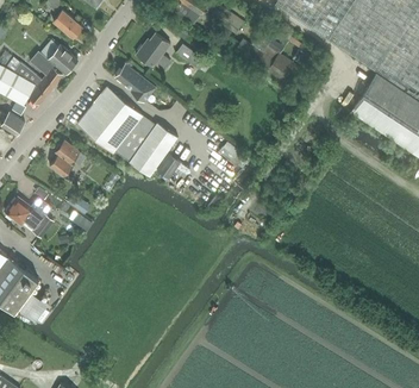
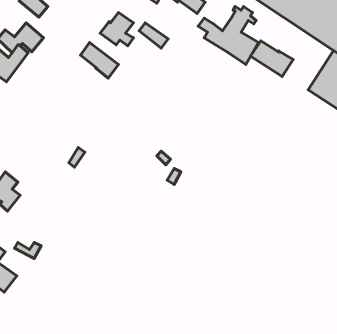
building: none -> [250,41,293,77]
building: [77,87,143,154] -> none
building: [130,123,180,177] -> none
building: [49,140,86,177] -> none

